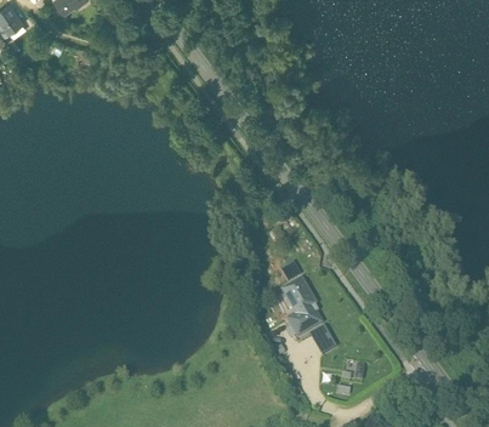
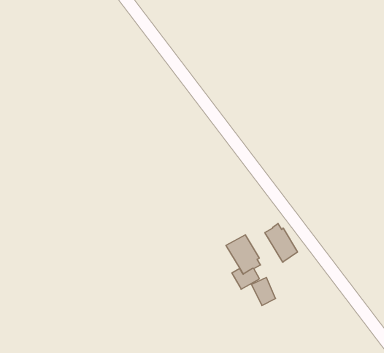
building: none -> [265,223,298,262]

